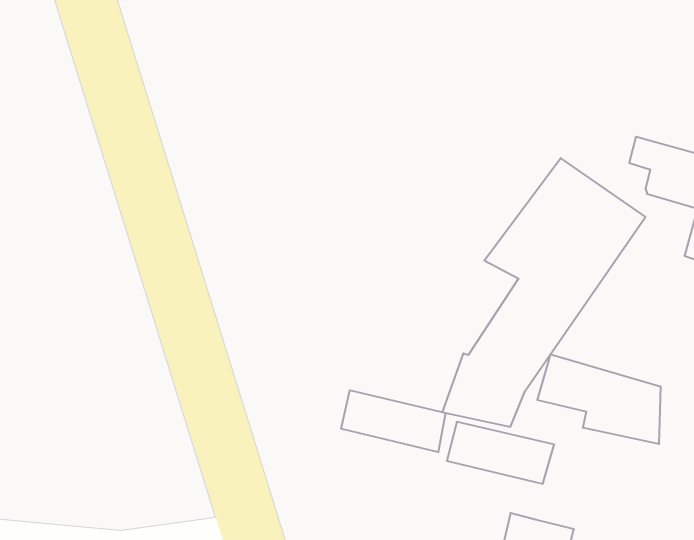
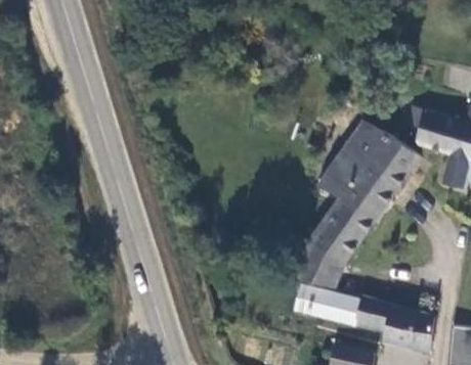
building: [537,354,661,444] -> [354,295,432,352]
building: [341,390,446,452] -> none

